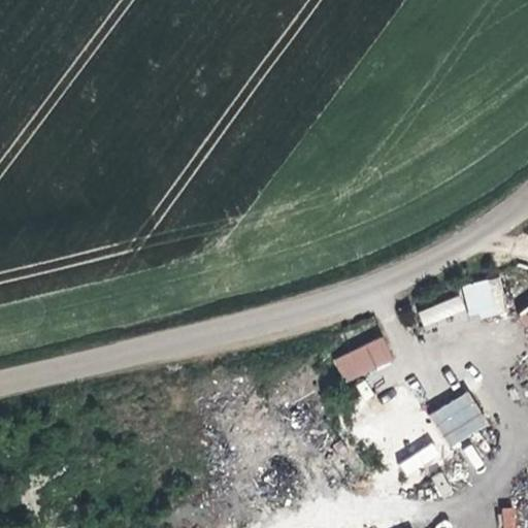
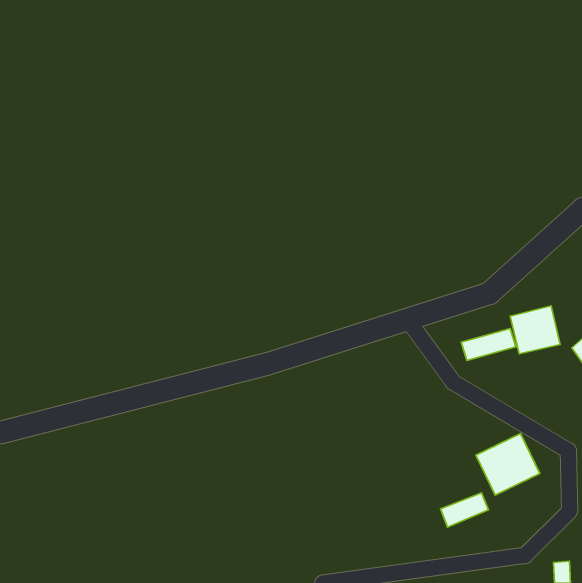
building: [333,336,394,383] -> none

